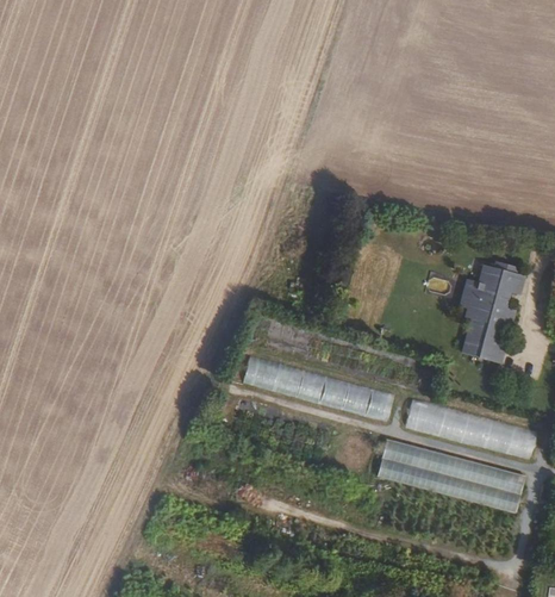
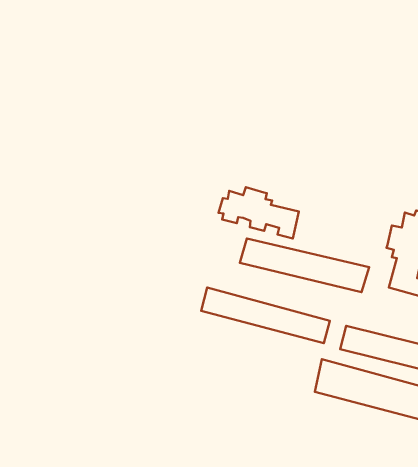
building: none -> [218,187,299,239]
building: none -> [240,239,369,292]

